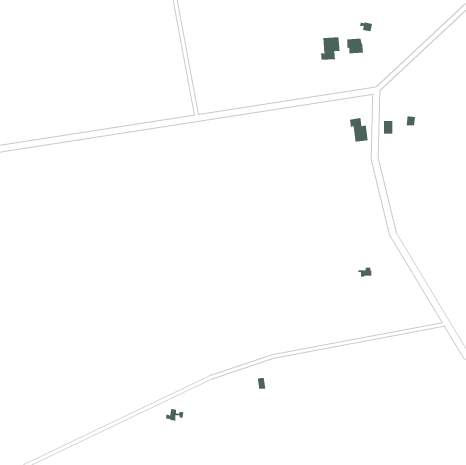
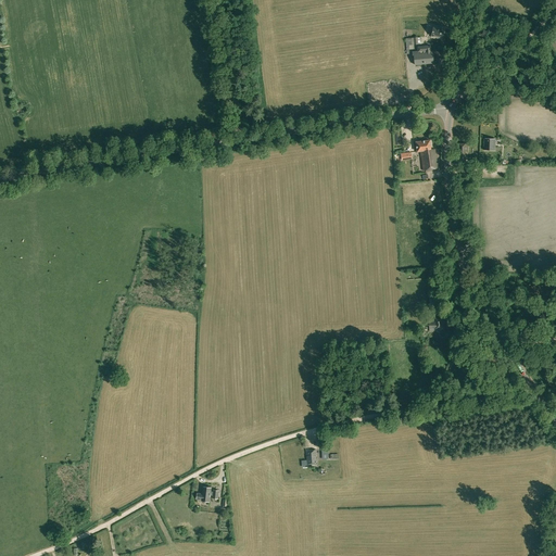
building: [321,37,340,61] -> none

